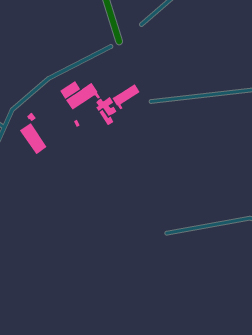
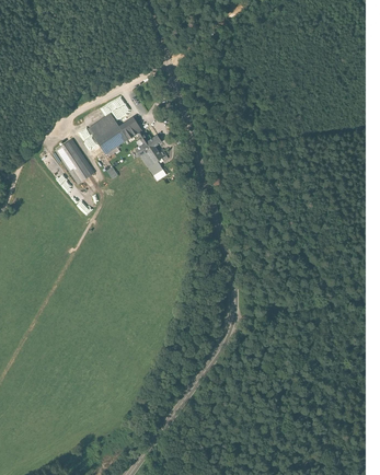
building: [111,83,141,110] -> none
building: [19,122,48,155] -> [55,138,93,182]

